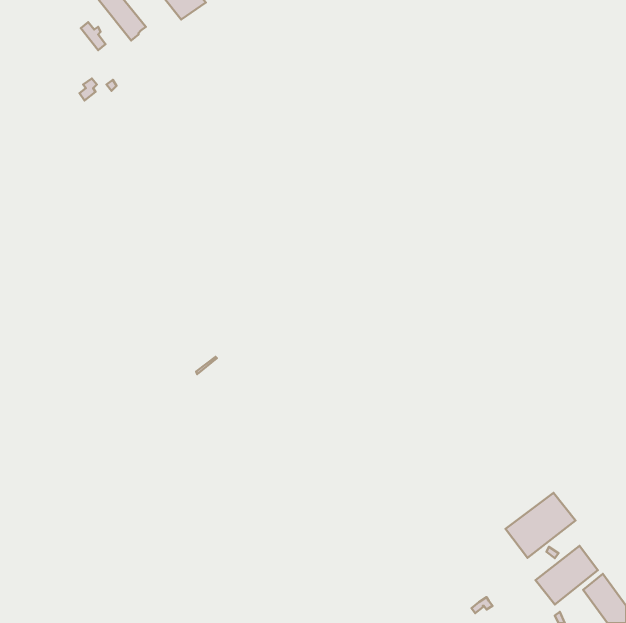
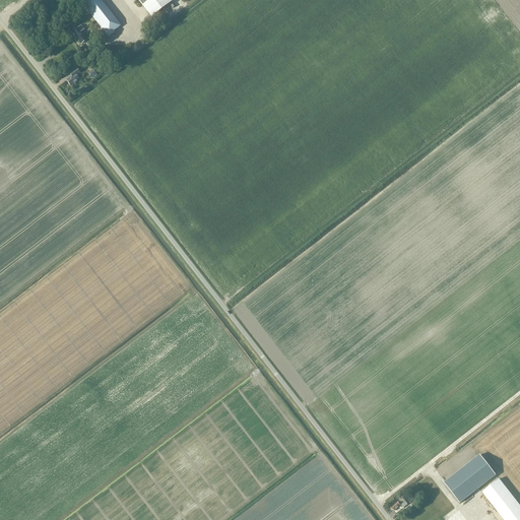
building: [506,493,576,558] -> none

